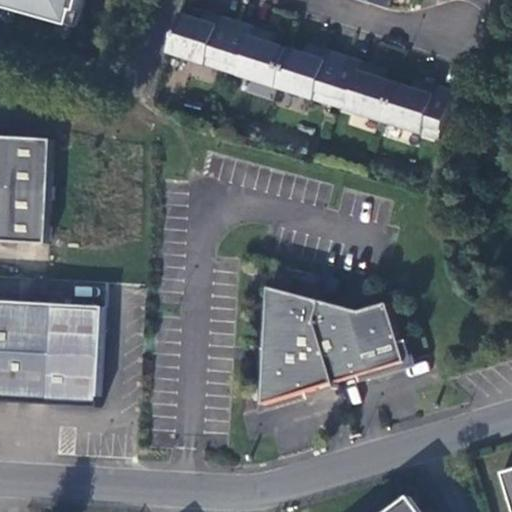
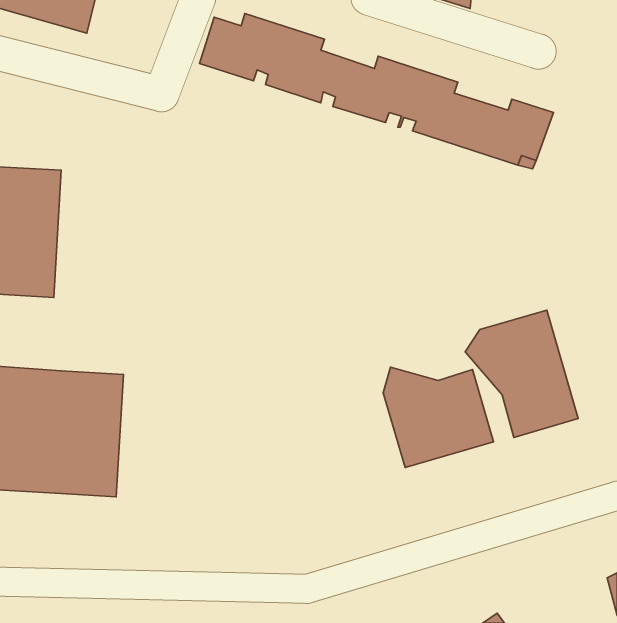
building: none -> [465,310,578,438]
building: [254,284,331,403] -> none

